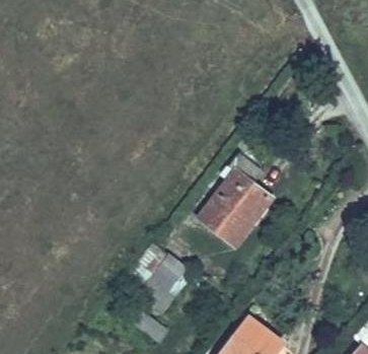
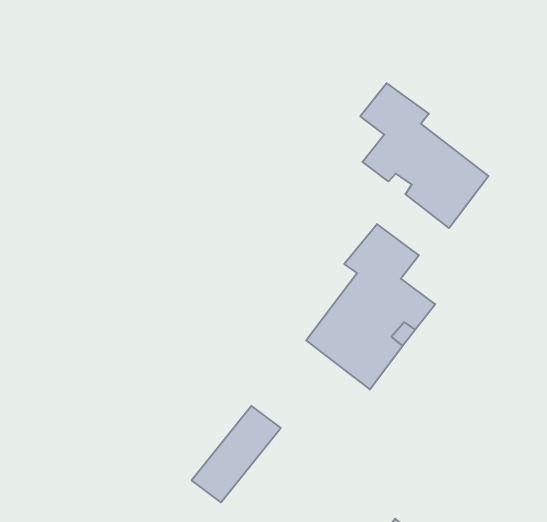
building: none -> [360,83,489,228]

